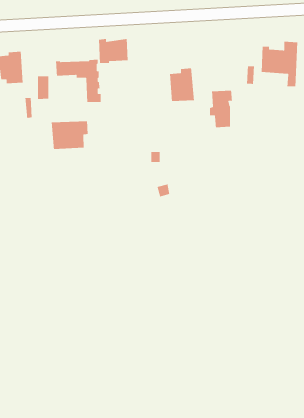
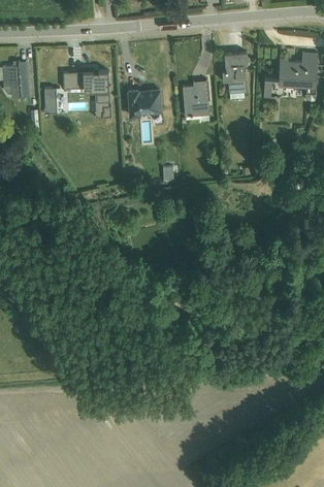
building: [98,38,129,64] -> [129,90,161,117]
building: [209,90,233,128] -> [223,53,248,93]
building: [51,120,88,150] -> none

